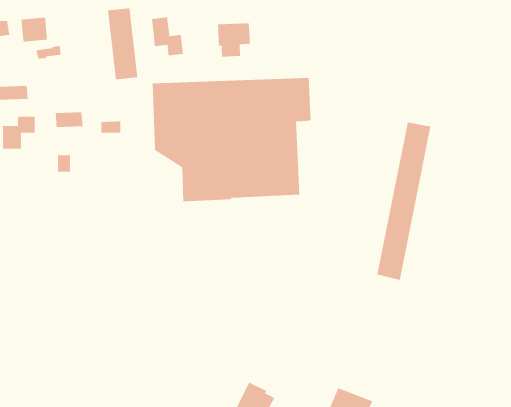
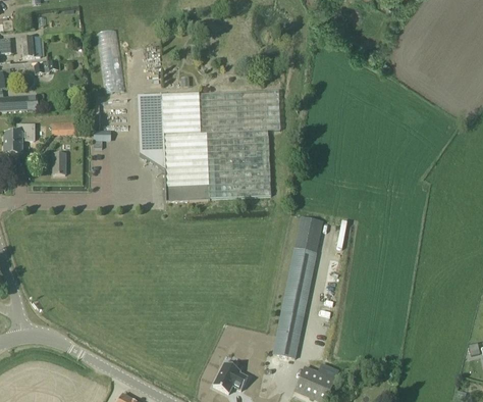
building: [151,17,184,56] -> none
building: [218,23,250,58] -> none
building: [377,122,431,280] -> [273,216,322,358]

